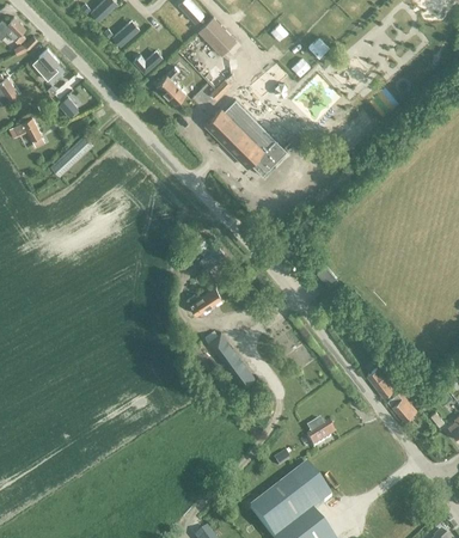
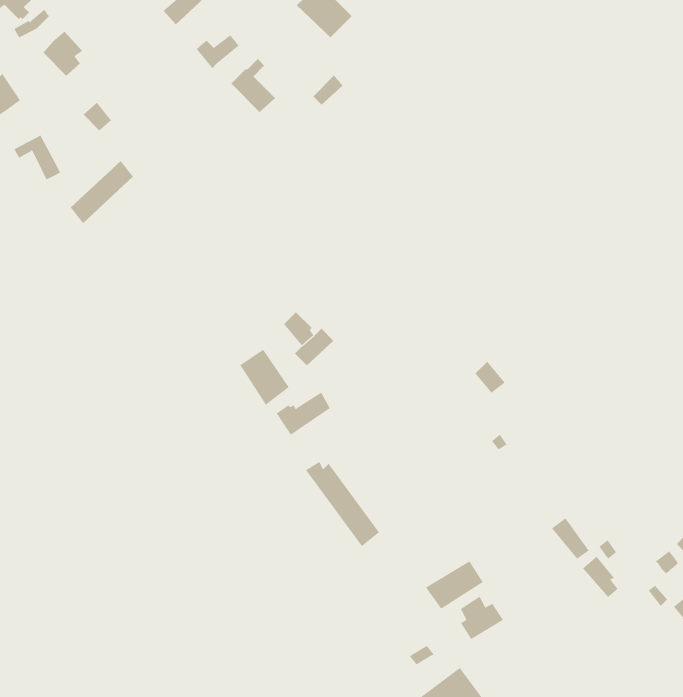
building: [204,99,286,176] -> none
building: none -> [239,349,290,405]
building: none -> [425,560,483,609]

